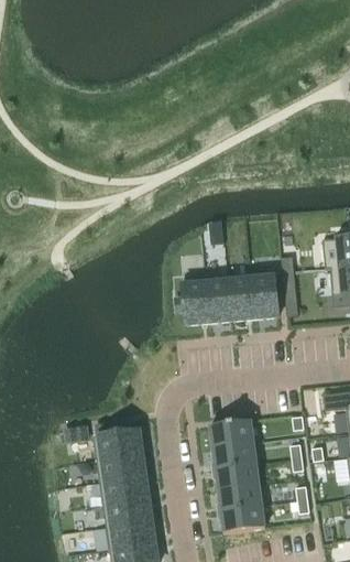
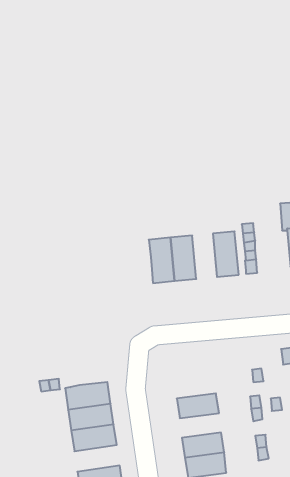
building: [229,271,255,320] -> none
building: [210,420,254,447] -> none
building: [216,463,260,489] -> none
building: [103,497,152,526] -> none

